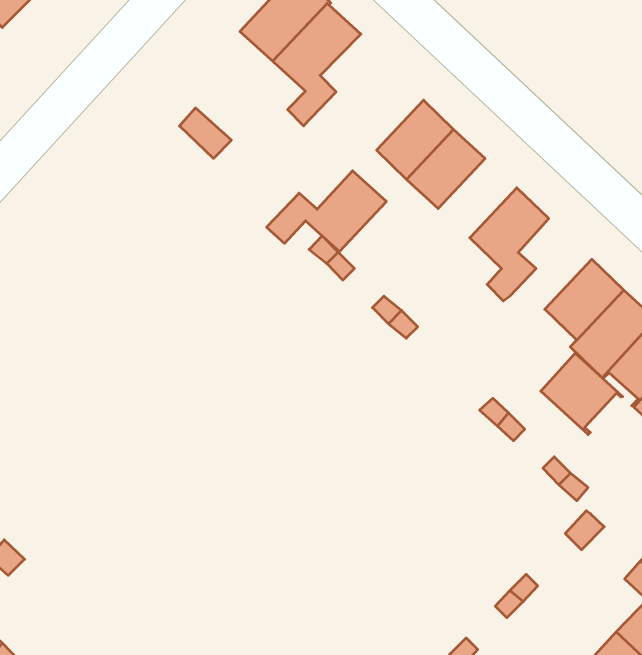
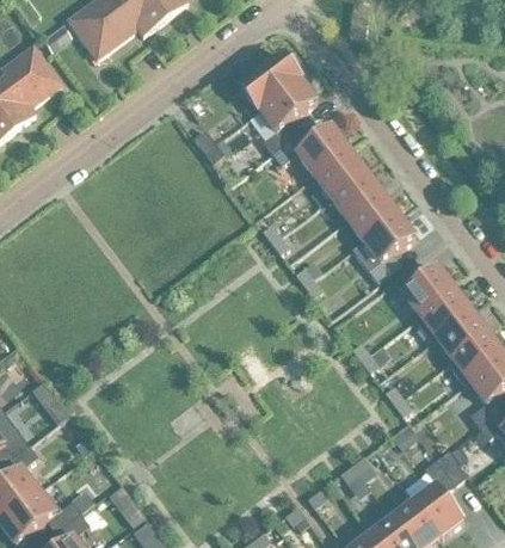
building: none -> [349,192,400,240]
building: [267,171,386,251] -> [273,127,351,176]
building: [541,353,623,435] -> none

